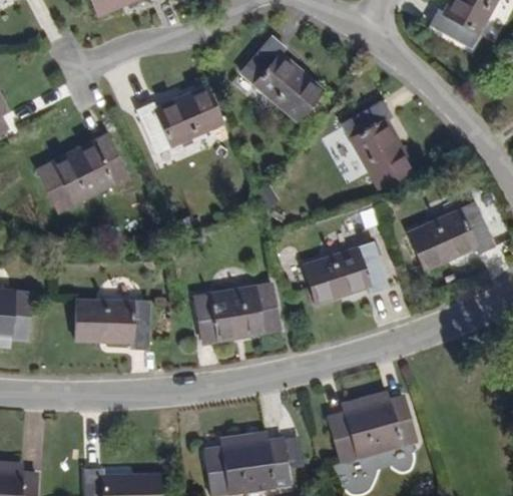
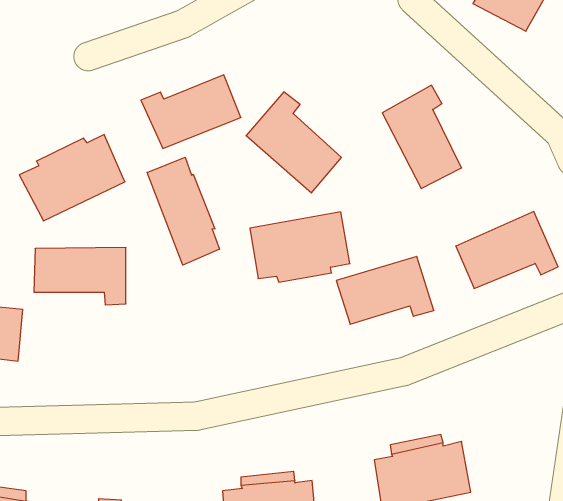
building: [239,34,323,122] -> [246,92,341,193]
building: none -> [147,157,220,265]
building: [189,280,277,341] -> [250,212,350,282]
building: [75,299,155,349] -> [34,247,126,305]

